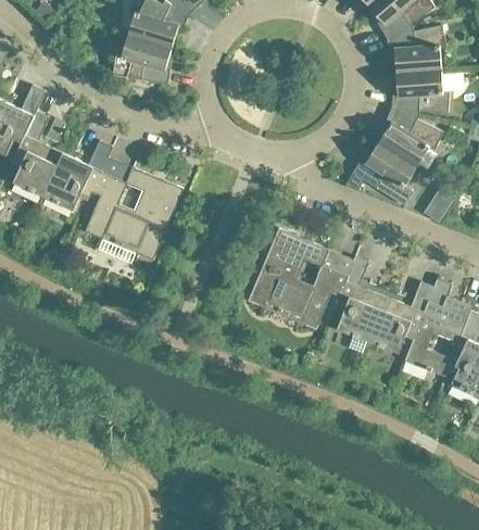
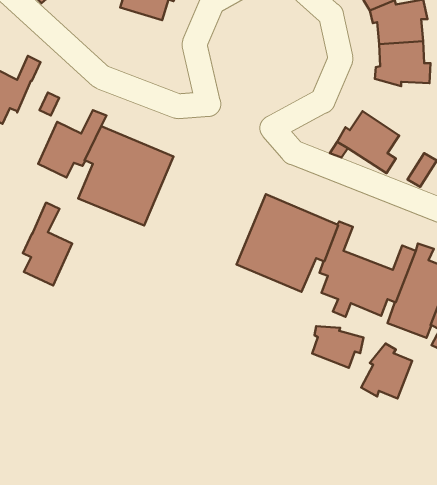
building: [112,34,172,84] -> none
building: [379,108,444,166] -> none
building: [12,110,63,195] -> [23,203,72,286]
building: none -> [312,326,364,368]
building: none -> [361,344,412,398]

